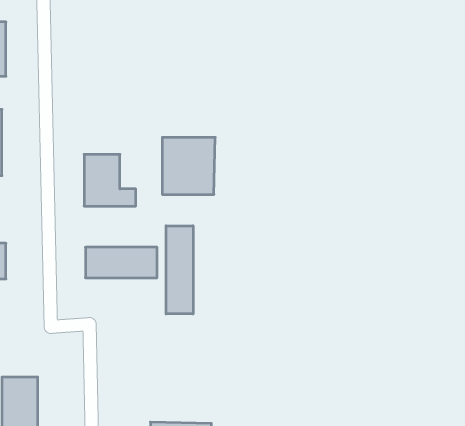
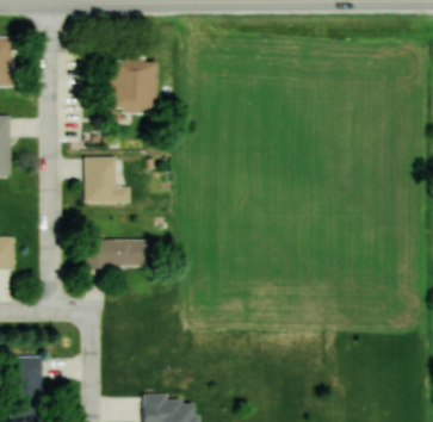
building: [162,137,215,194] -> [110,58,157,110]
building: [166,226,193,314] -> none

